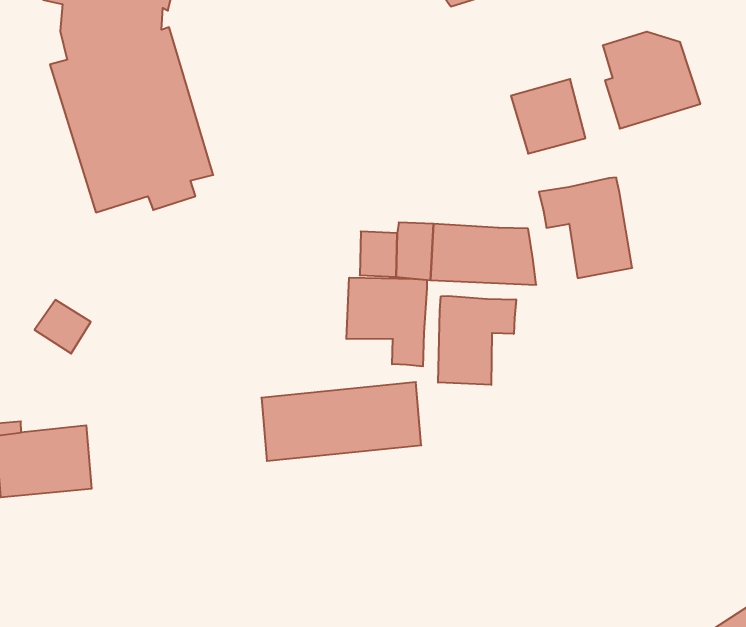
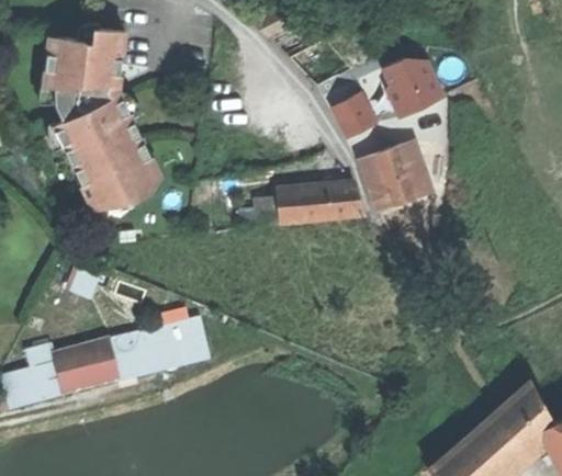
building: [346,278,427,366] -> none
building: [438,296,516,385] -> none
building: [261,382,421,461] -> [106,317,206,377]

